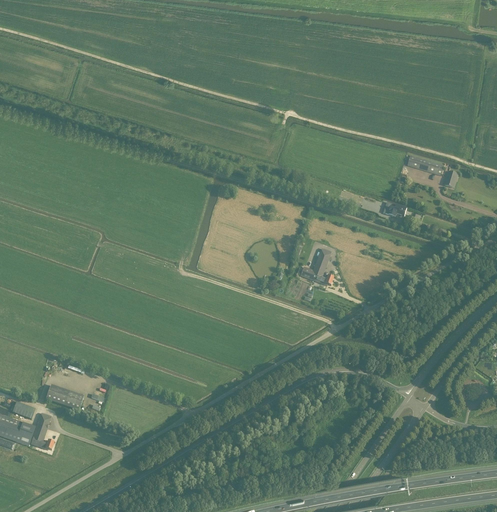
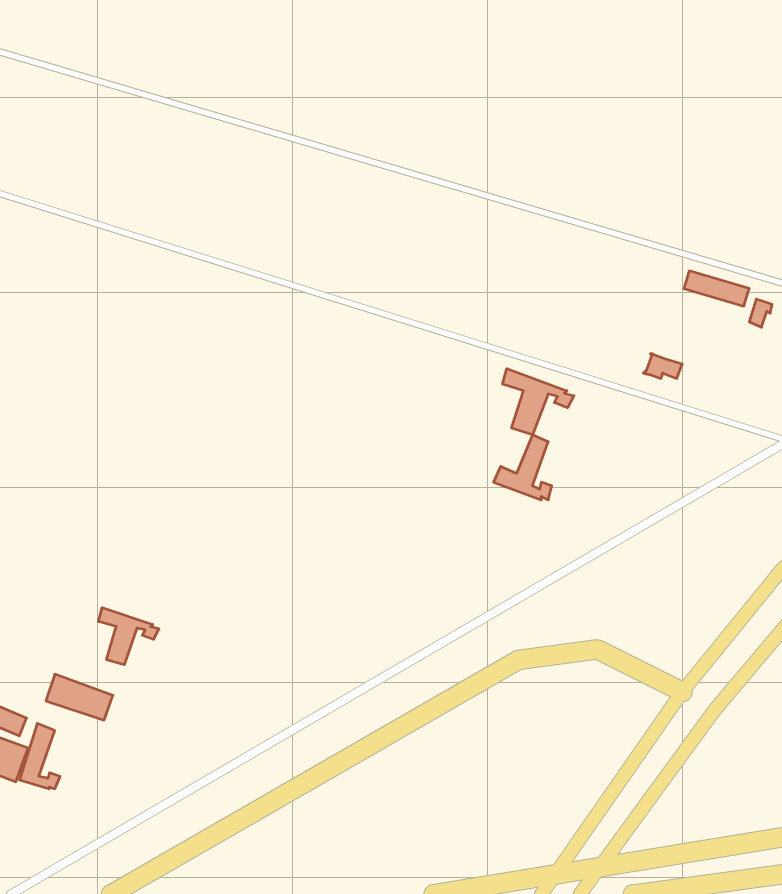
building: none -> [503,369,574,435]
building: none -> [99,608,159,665]

